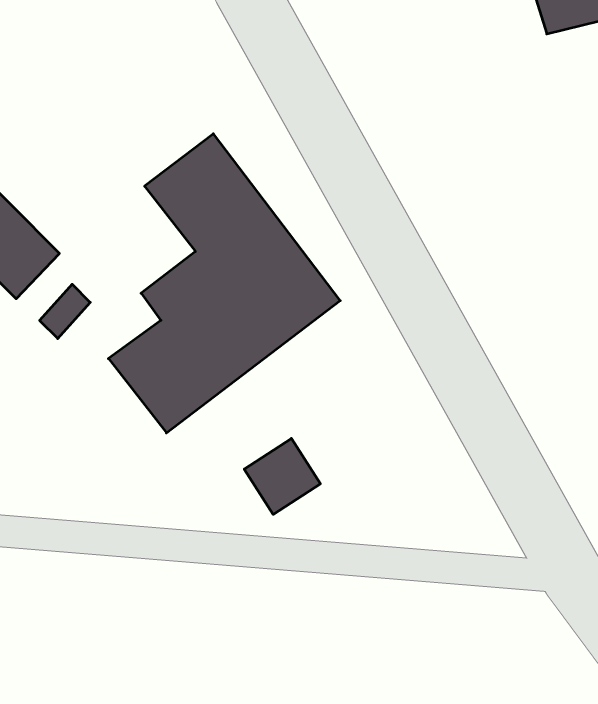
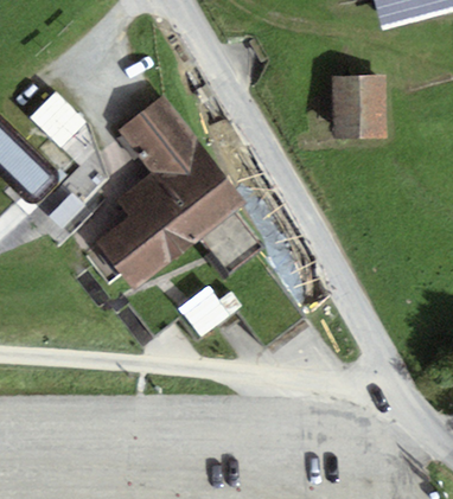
building: none -> [331,73,387,139]
building: none -> [28,90,85,147]

